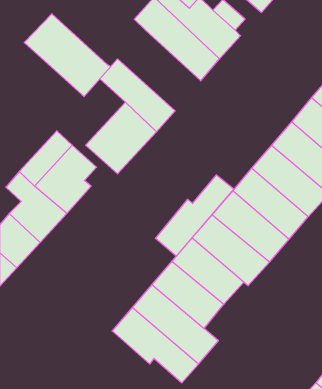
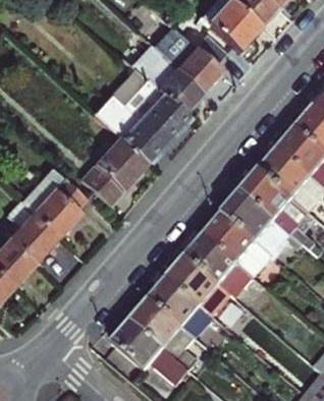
building: [24,14,111,97] -> [109,69,188,146]
building: [156,175,234,256] -> none

